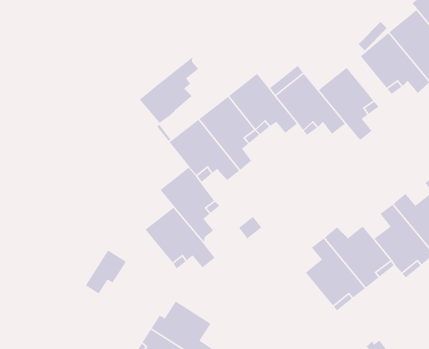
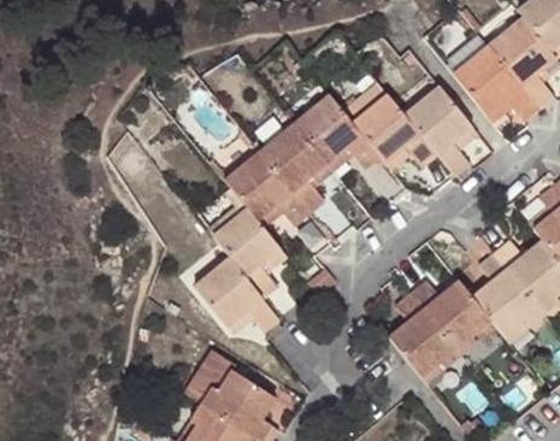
building: [139,56,199,124] -> none
building: [85,249,127,294] -> [185,349,236,404]

